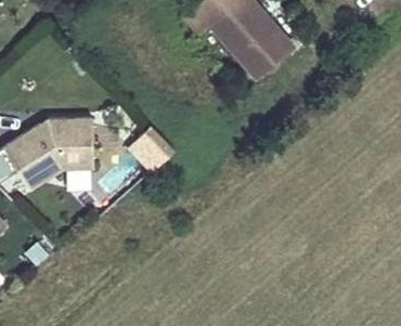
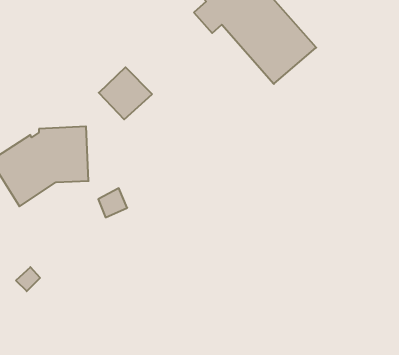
building: [126,126,173,172] -> [99,67,152,119]

